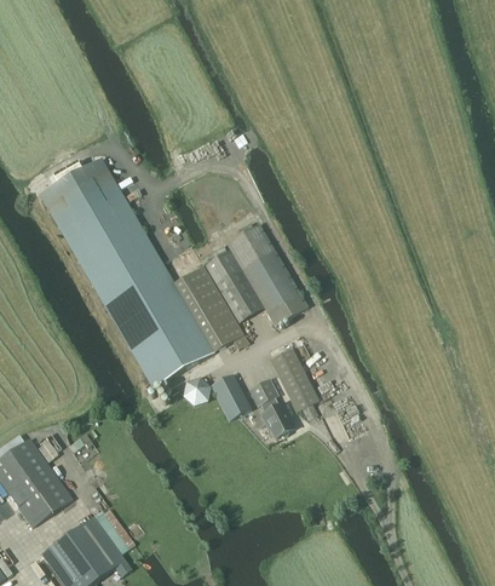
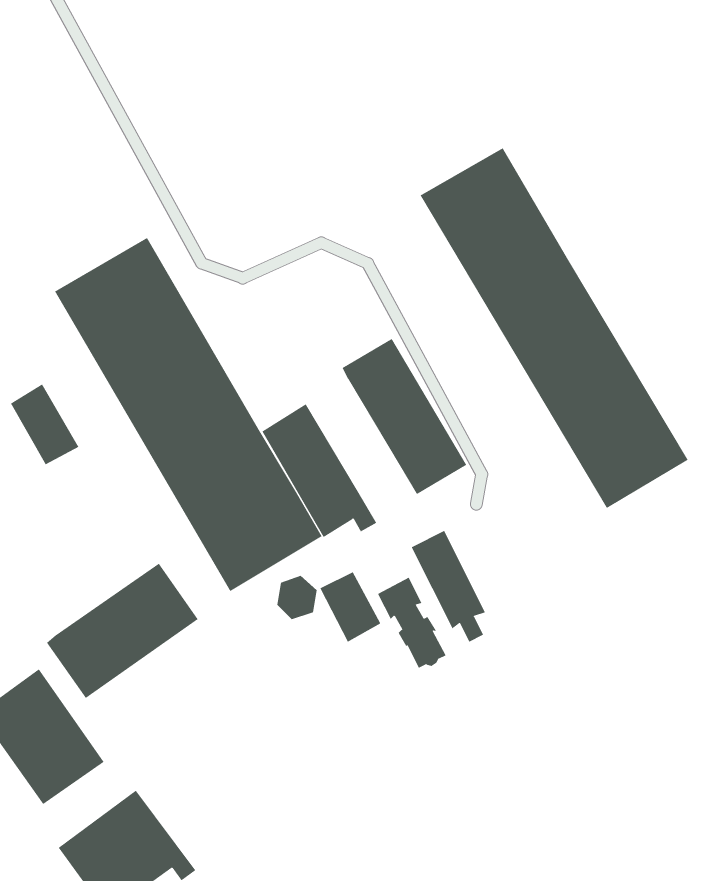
building: none -> [420,147,688,509]
building: [202,249,263,322] -> none
building: none -> [10,384,79,465]
building: none -> [46,563,198,699]

